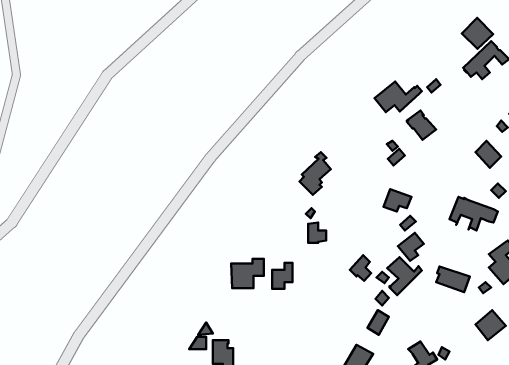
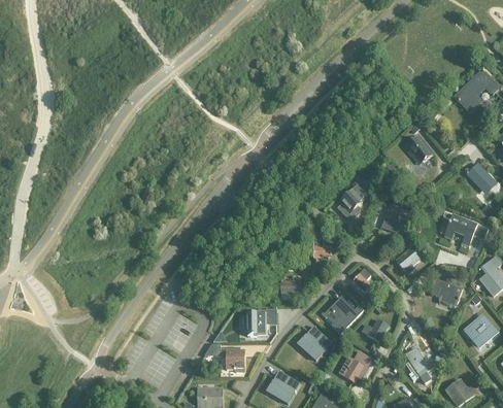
building: [462,18,493,49] -> none
building: [375,81,422,112] -> none
building: [299,152,331,195] -> [338,180,367,219]
building: [387,257,422,295] -> [330,297,362,332]
building: [231,259,264,288] -> [246,308,276,335]
building: none -> [297,326,331,360]

